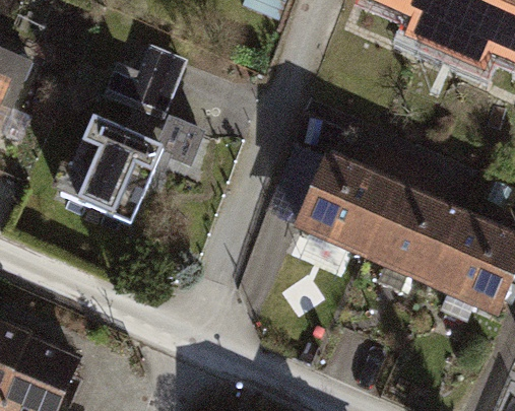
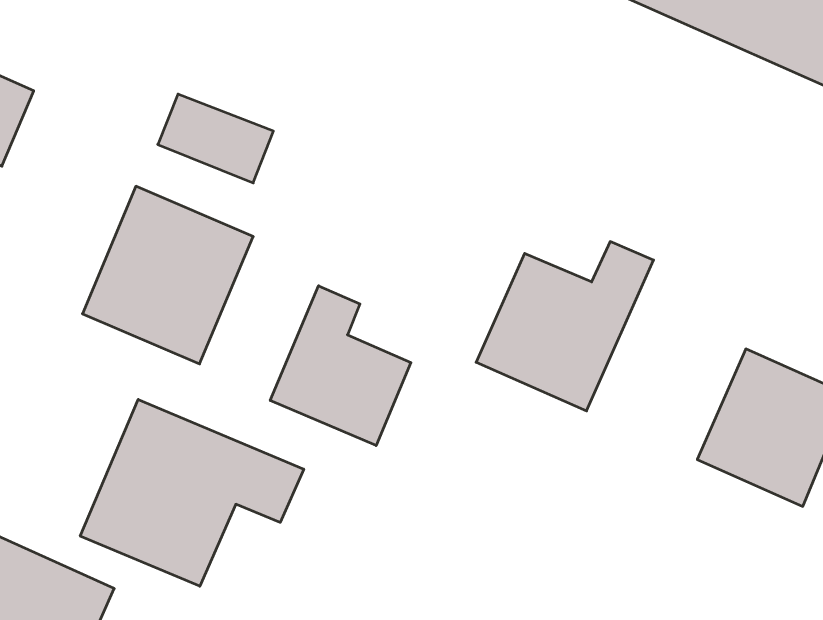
building: [366,161,462,282] -> none
building: none -> [270,286,411,446]
building: none -> [80,399,304,586]

